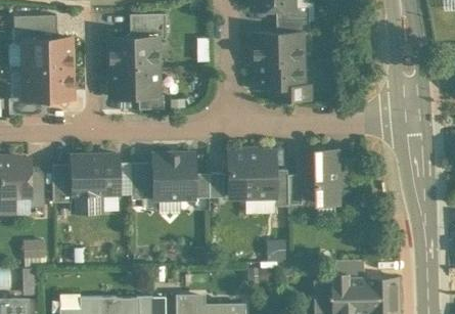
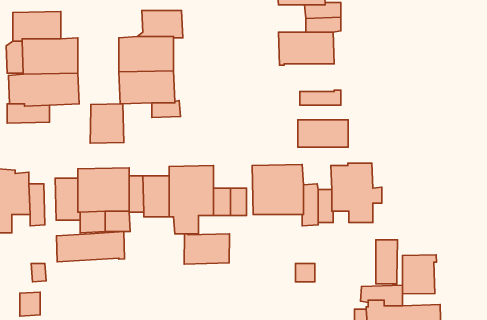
building: [259,62,304,87] -> [298,120,348,147]
building: none -> [90,104,124,143]
building: none -> [56,232,125,262]
building: none -> [184,234,229,264]
building: none -> [376,240,398,284]
building: none -> [402,255,437,294]

